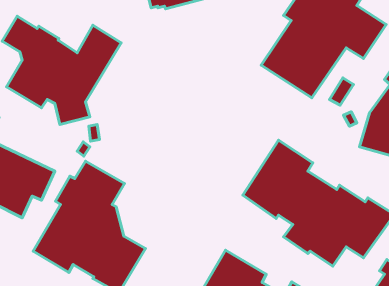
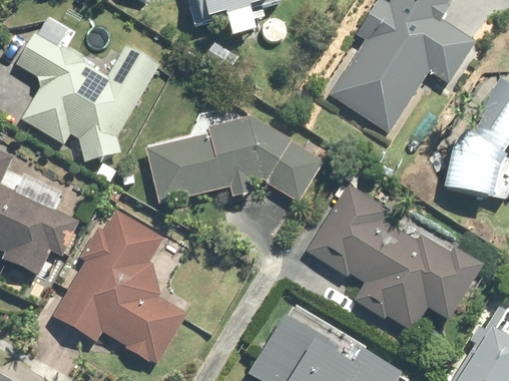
building: none -> [145,115,325,203]

